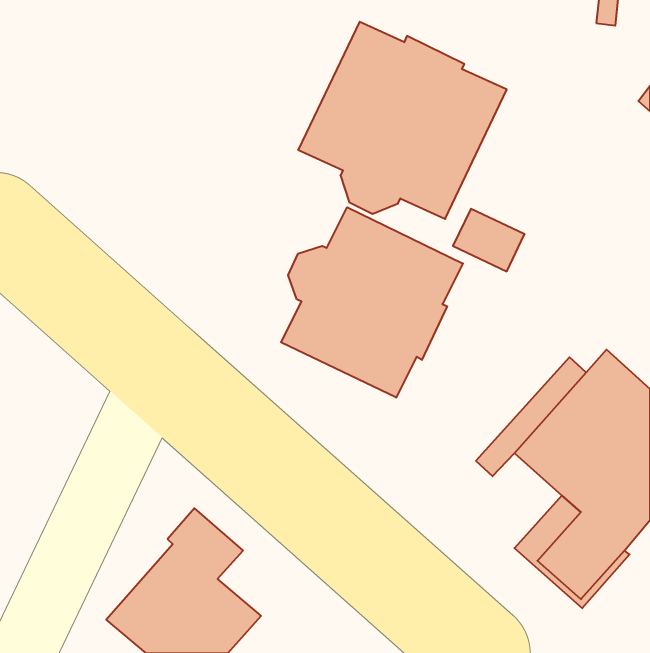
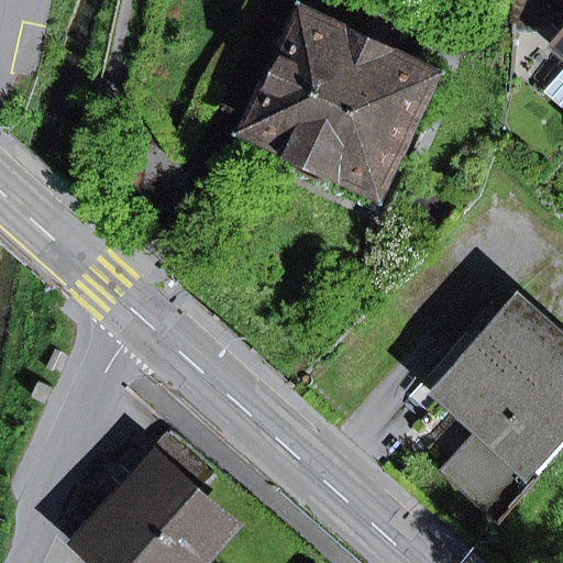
building: [281,207,463,398] -> none

